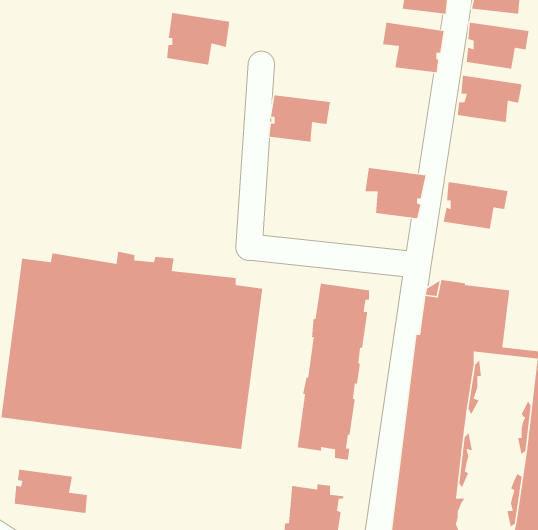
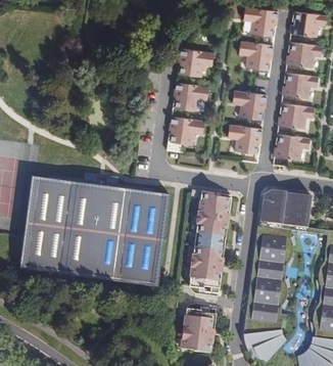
building: [166,12,230,65] -> [177,47,213,78]
building: none -> [232,90,268,121]
building: none -> [277,102,315,130]
building: none -> [168,116,205,145]
building: [14,469,88,514] -> none

